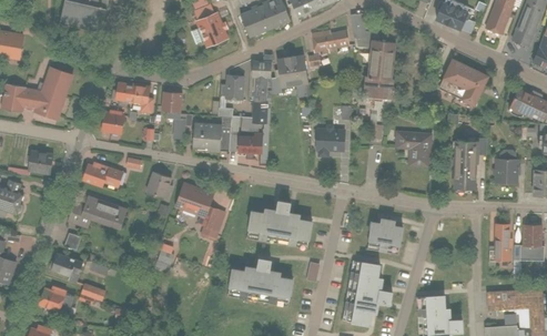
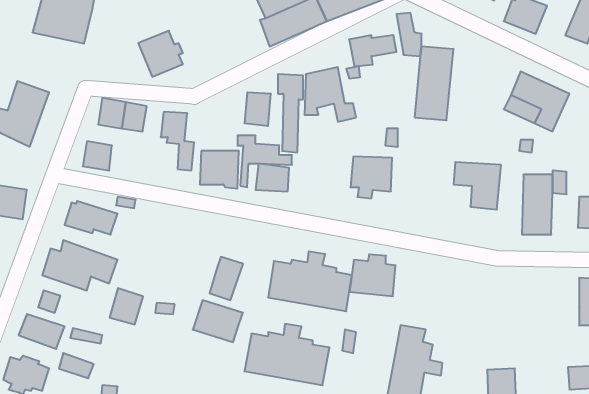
building: [194,11,230,48] -> [138,31,183,77]
building: [145,170,172,198] -> [110,288,143,324]
building: [174,182,214,215] -> [193,300,243,342]
building: [367,220,404,253] -> [350,254,396,296]

